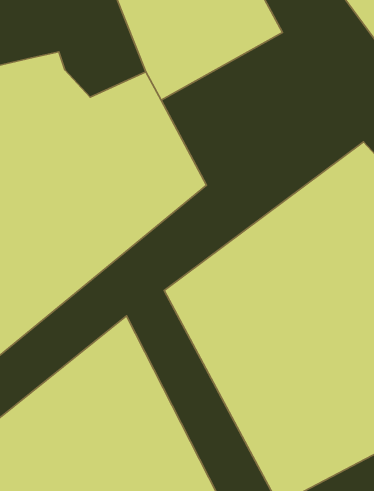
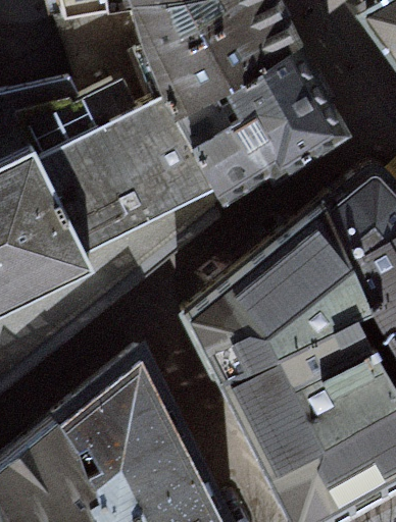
building: none -> [176,55,345,209]

